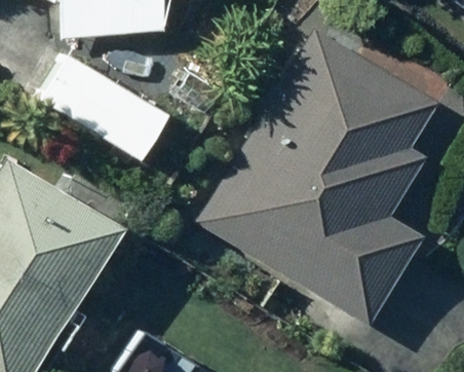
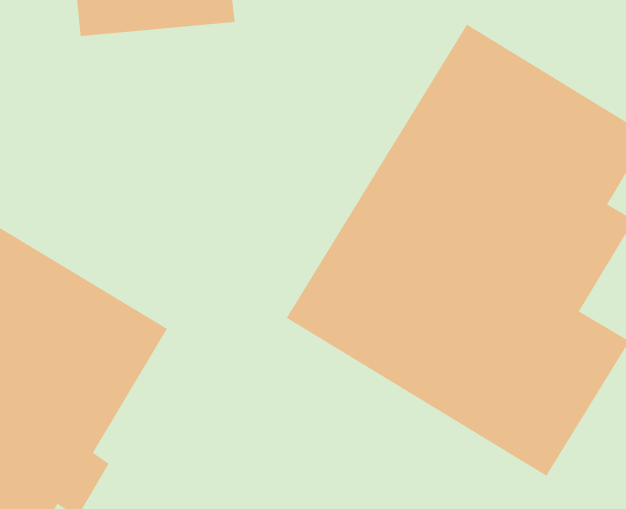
building: [39,53,168,161] -> none

